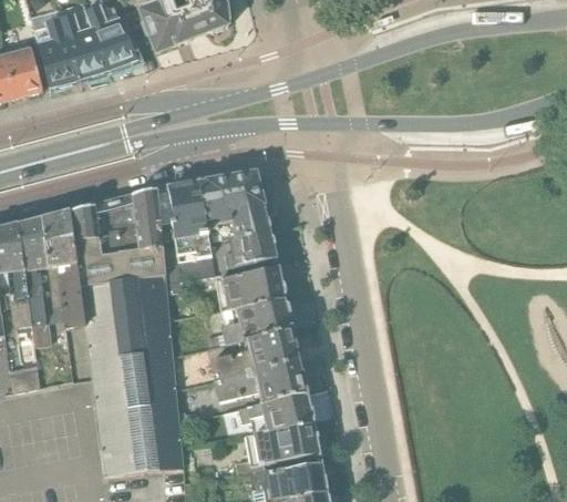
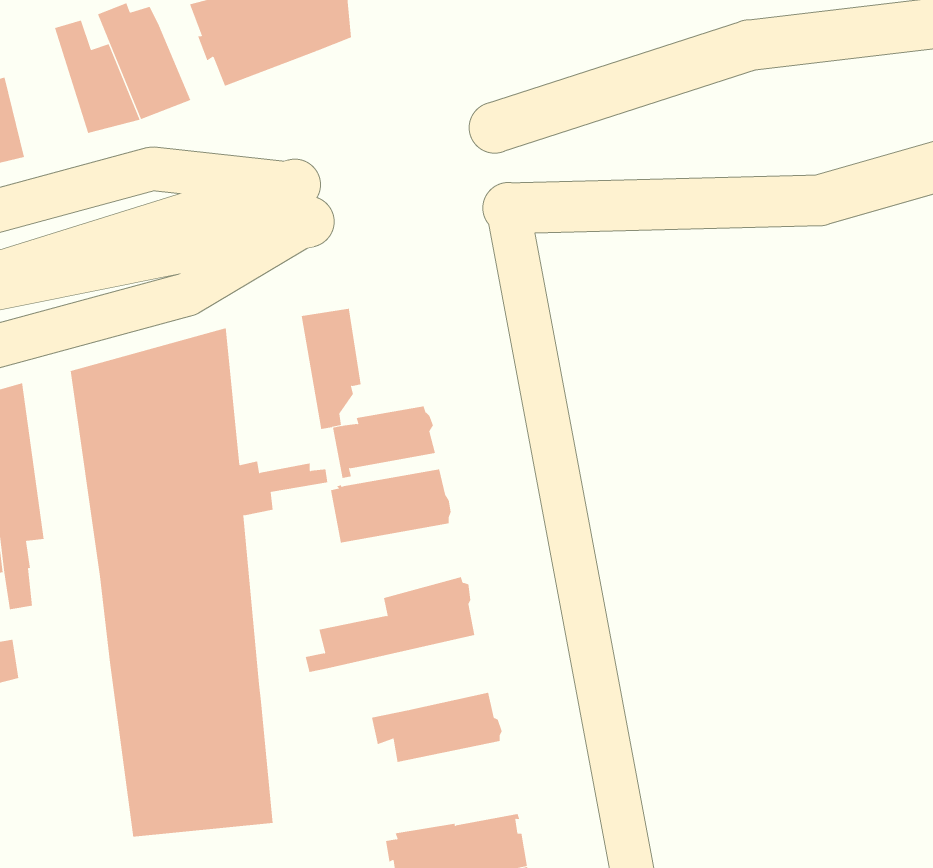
building: [37,17,79,85] -> none
building: [221,172,272,242] -> none
building: [168,180,212,259] -> none
building: [42,211,85,329] -> none
building: [207,297,290,346] -> none
building: [215,360,307,402] -> none
building: [236,420,319,472] -> none

